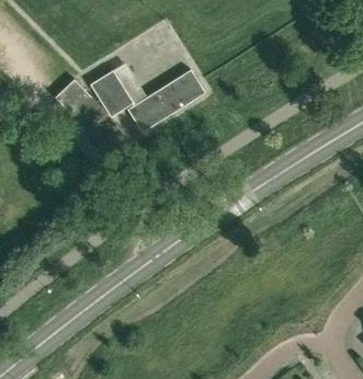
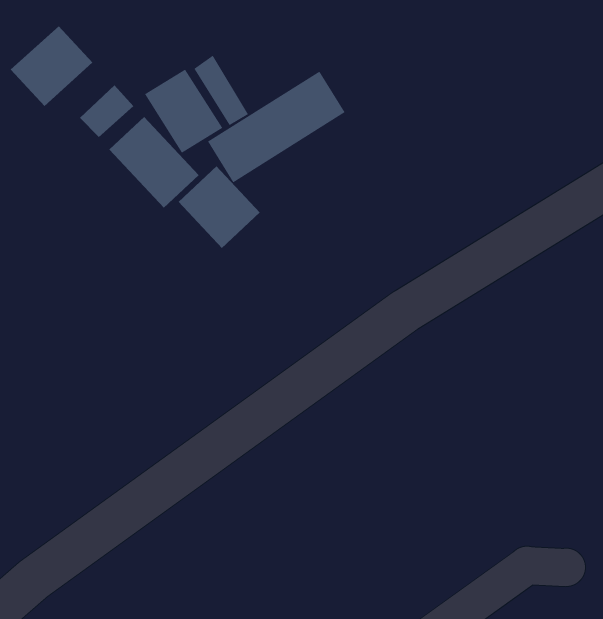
building: none -> [10,25,93,107]
building: none -> [178,165,260,249]

